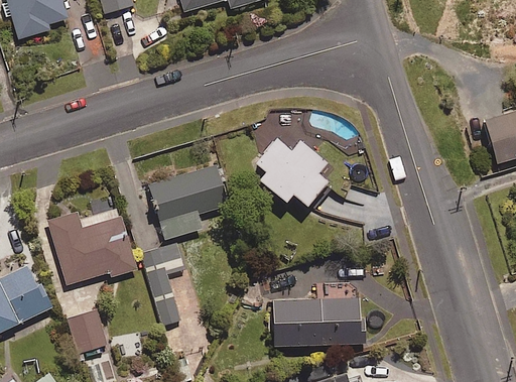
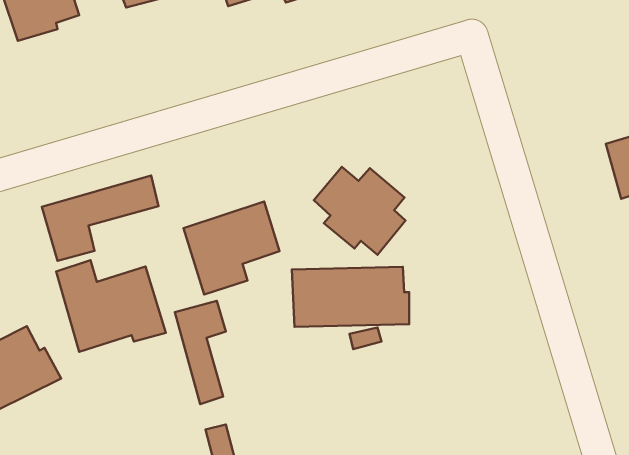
building: none -> [42,176,158,261]
building: [271,298,364,346] -> [292,267,409,327]
building: [69,310,107,353] -> none

